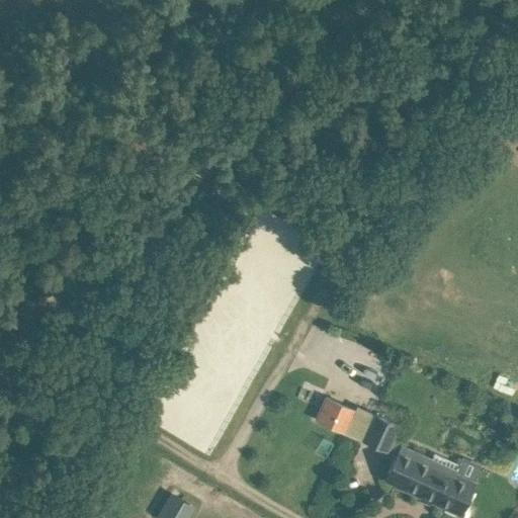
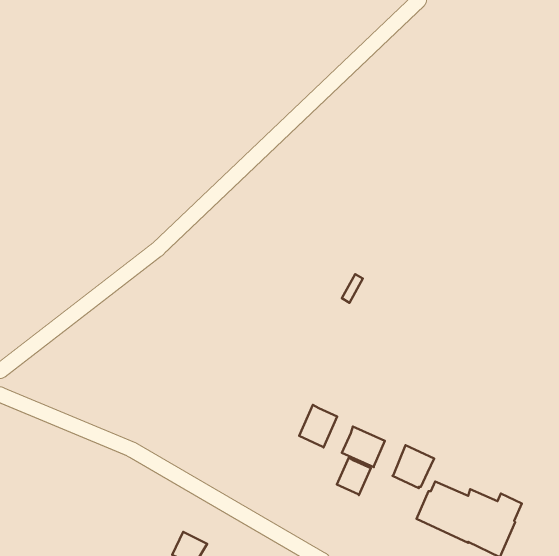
building: none -> [299,405,337,447]
building: none -> [337,457,371,495]

